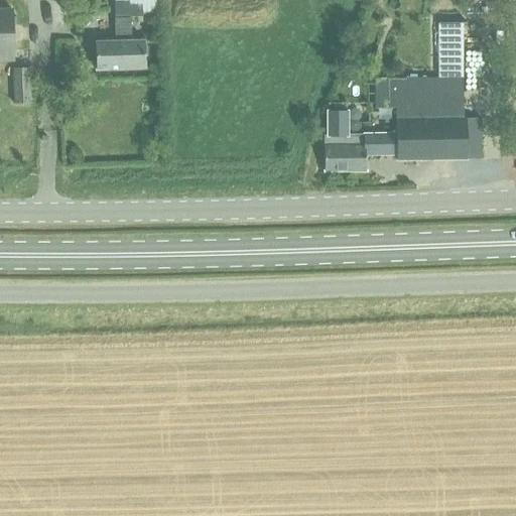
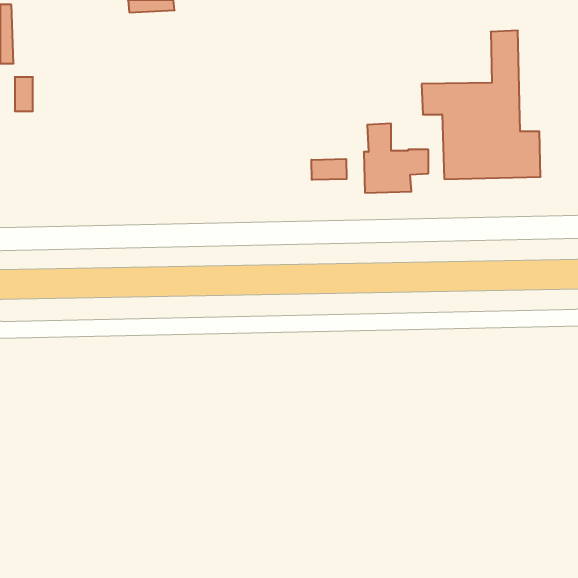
building: [95,14,145,68] -> none
building: none -> [311,159,347,180]

